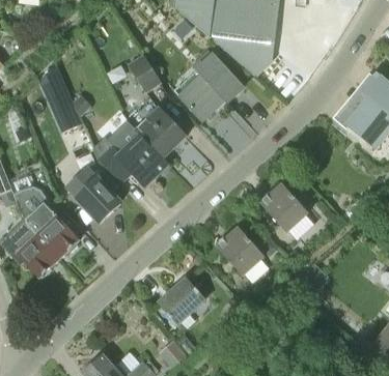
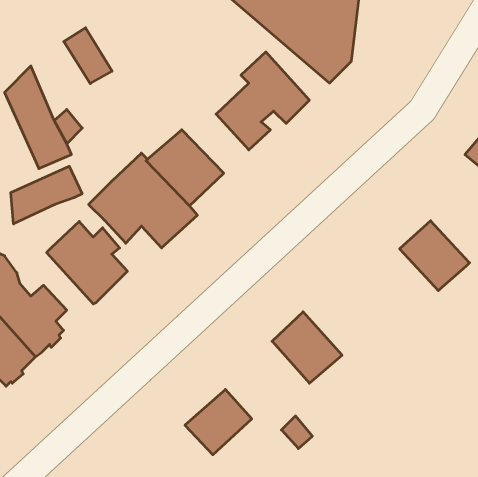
building: [129,54,161,91] -> [64,28,112,84]
building: none -> [11,166,82,224]
building: [261,185,308,232] -> [400,221,470,291]

